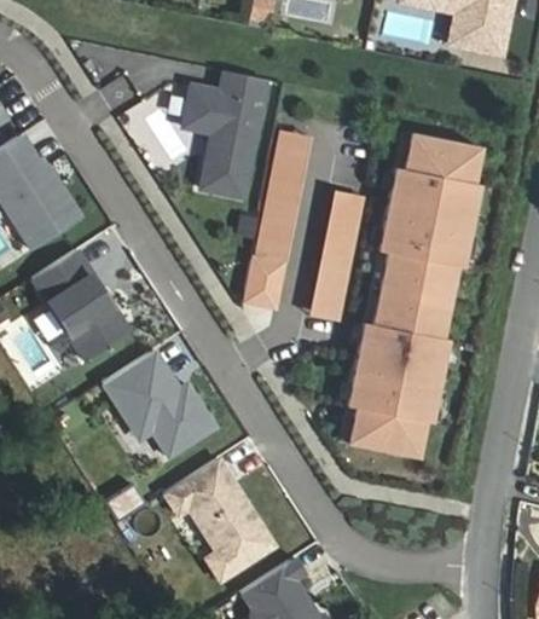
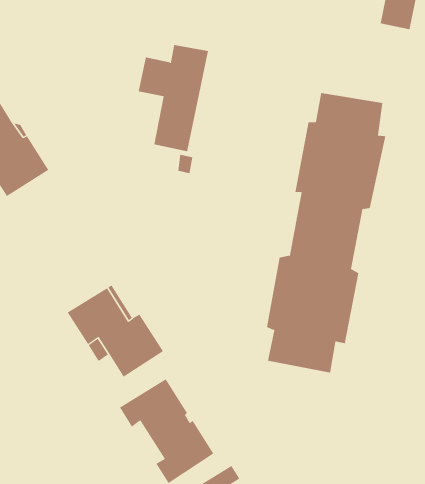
building: [239,126,308,307] -> none
building: [303,189,363,320] -> none
building: [37,253,135,364] -> none

